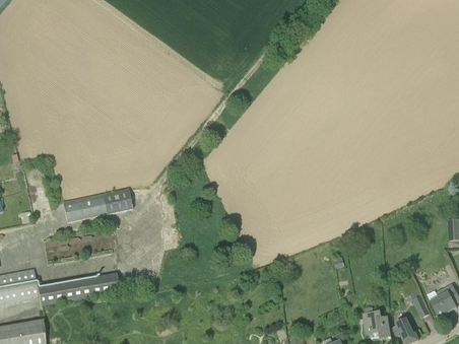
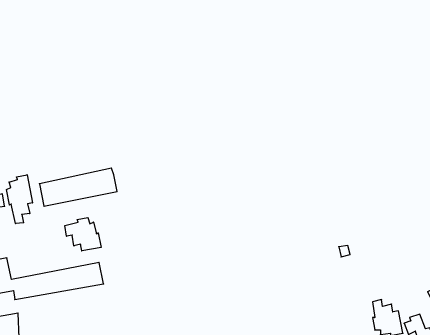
building: none -> [6,175,32,224]
building: none -> [65,218,101,251]

